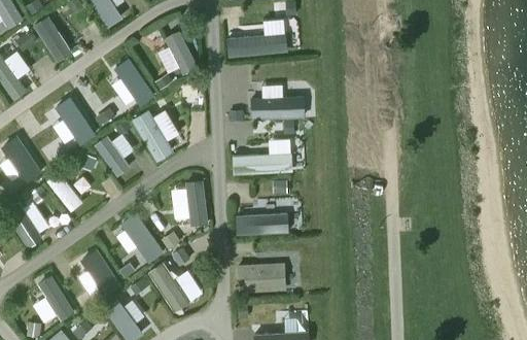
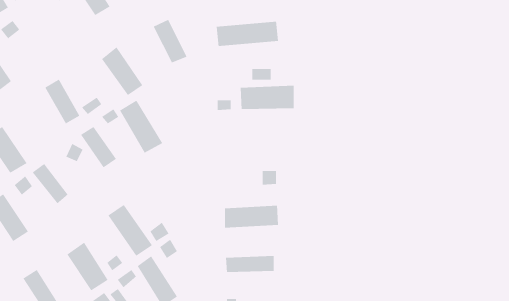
building: [32,16,71,63] -> none
building: [231,154,290,175] -> none
building: [184,180,207,227] -> none

